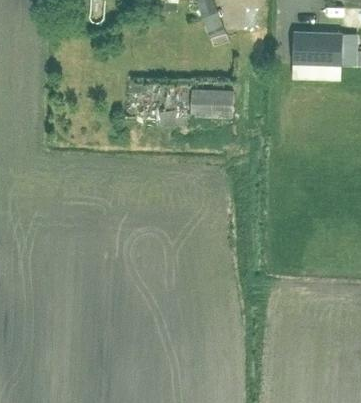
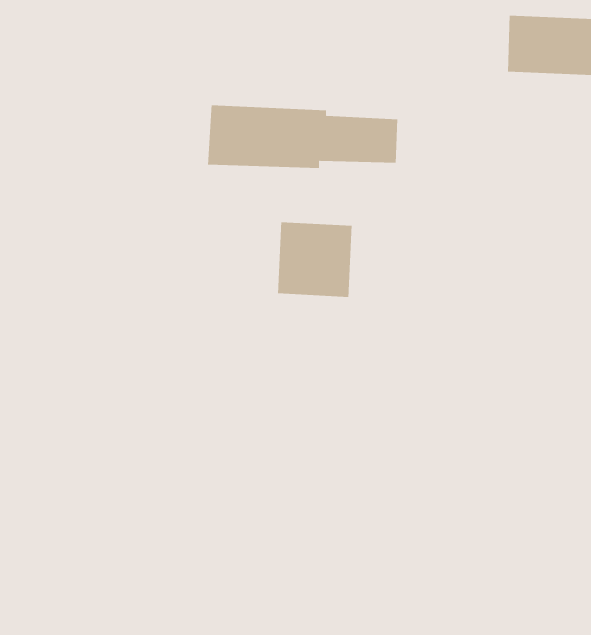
building: none -> [277,221,353,298]

